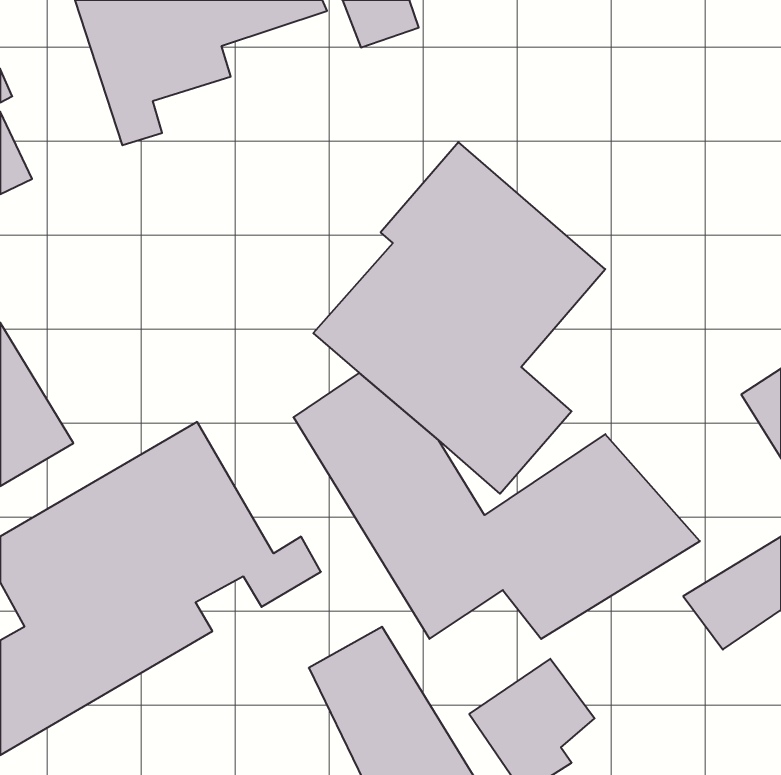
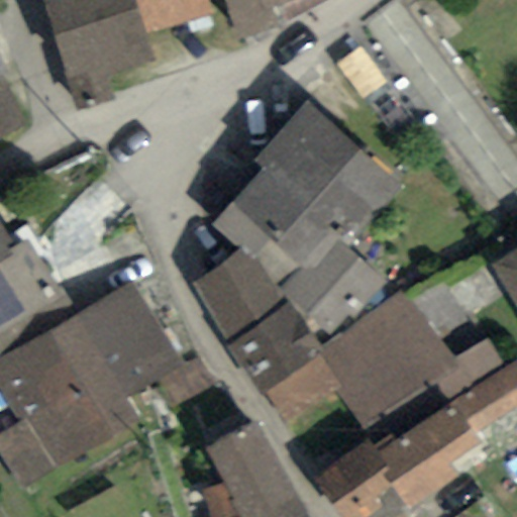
building: none -> [373,398,480,507]

